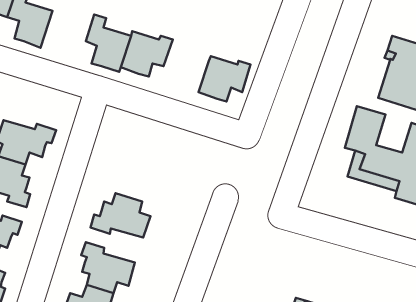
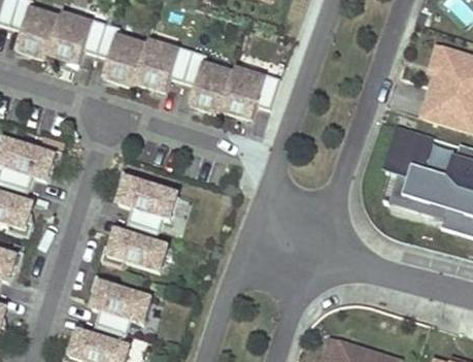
building: none -> [48,12,106,63]
building: none -> [183,50,234,113]
building: none -> [120,169,178,230]

